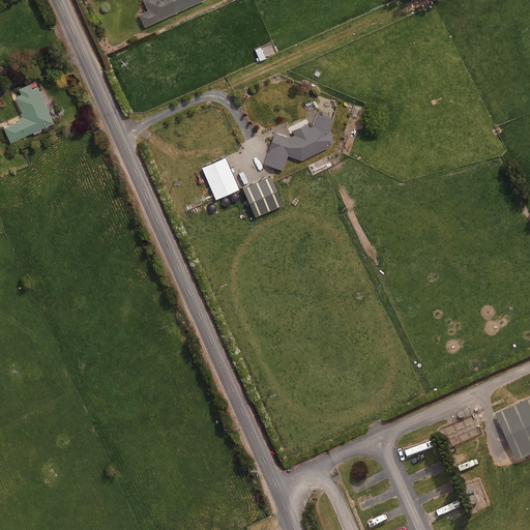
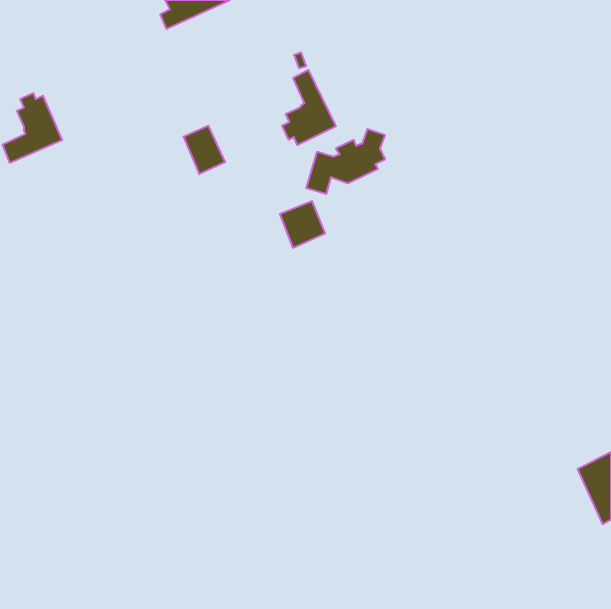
building: none -> [282,70,336,145]
building: [202,158,238,200] -> [183,126,225,174]

